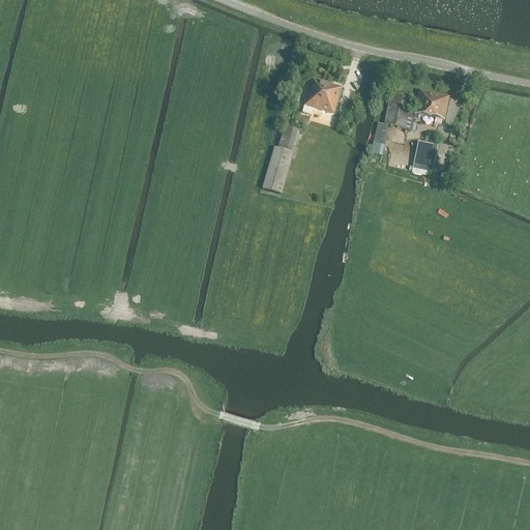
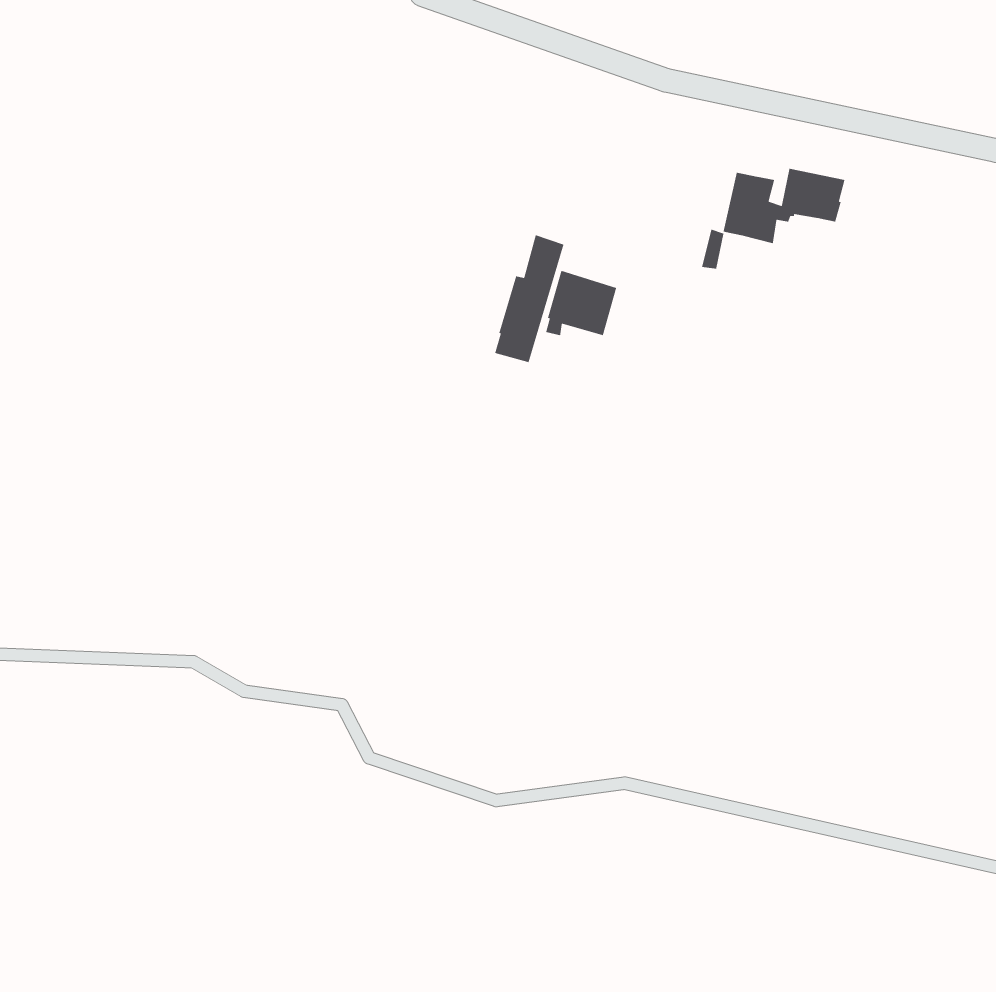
building: [302,78,341,113] -> [545,270,617,336]
building: [411,141,437,171] -> none

